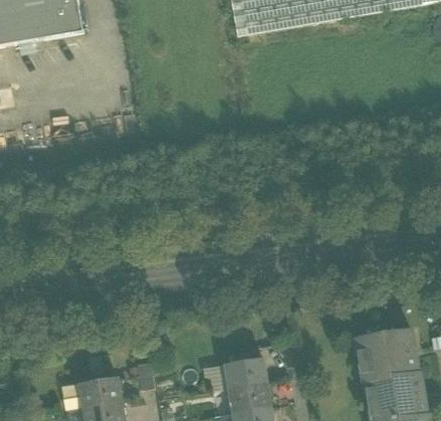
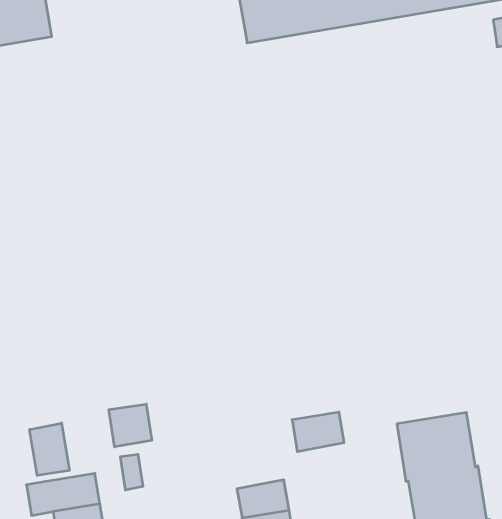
building: none -> [109,404,152,447]
building: none -> [30,423,69,475]
building: [225,358,266,389] -> [292,412,344,452]

